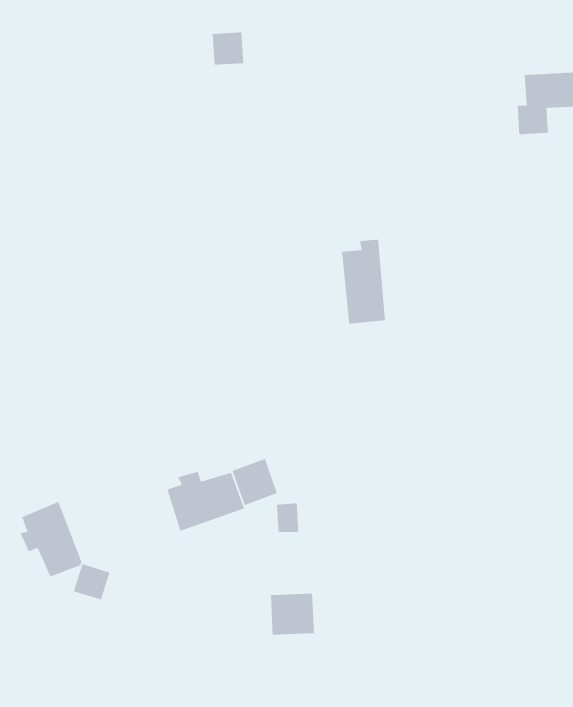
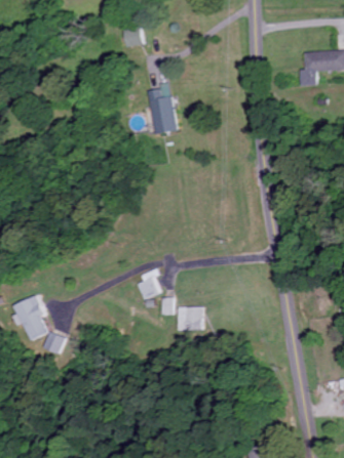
building: [341,239,386,324] -> [150,83,176,132]
building: [166,471,245,532] -> none
building: [270,593,315,636] -> [178,306,203,331]

